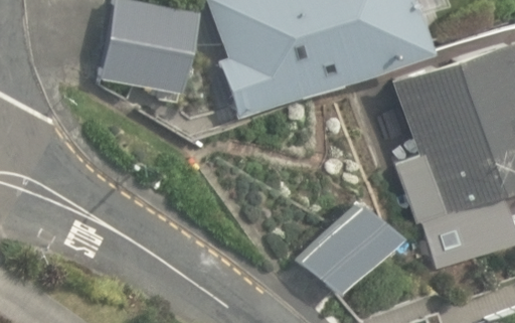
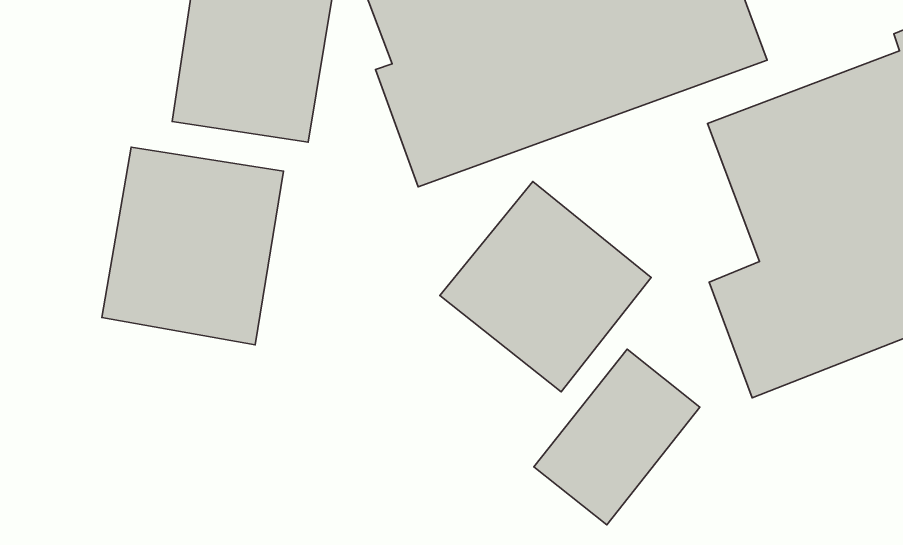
building: none -> [102,147,283,345]
building: none -> [440,182,651,392]

